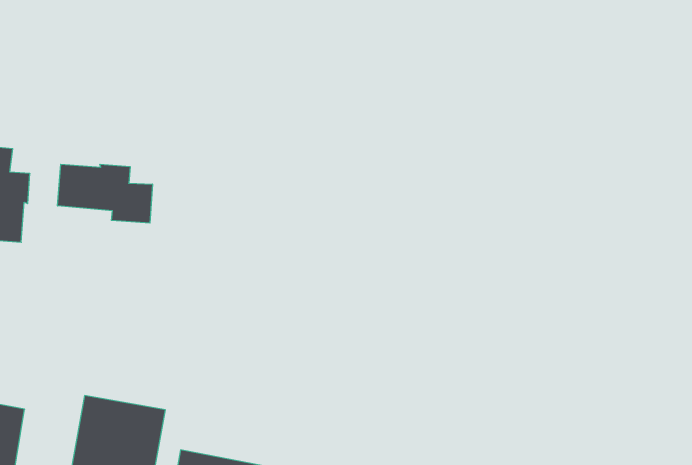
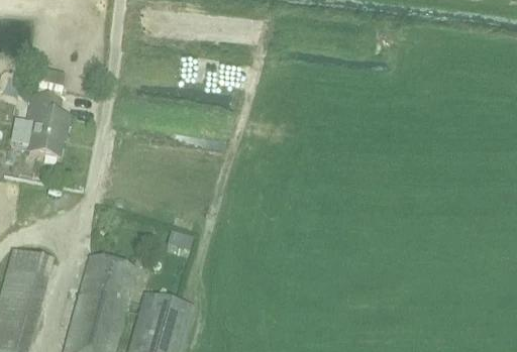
building: [58,164,152,223] -> none

